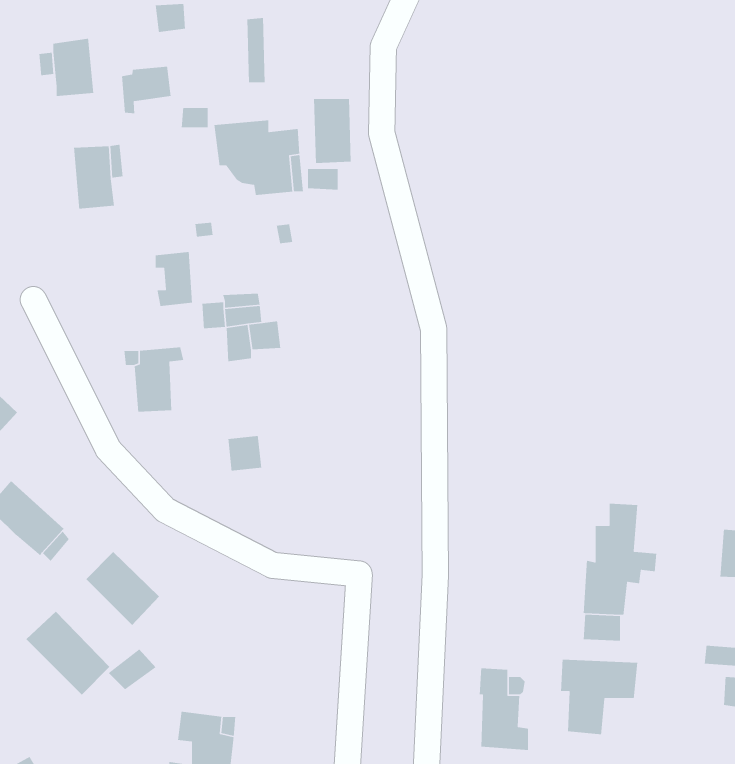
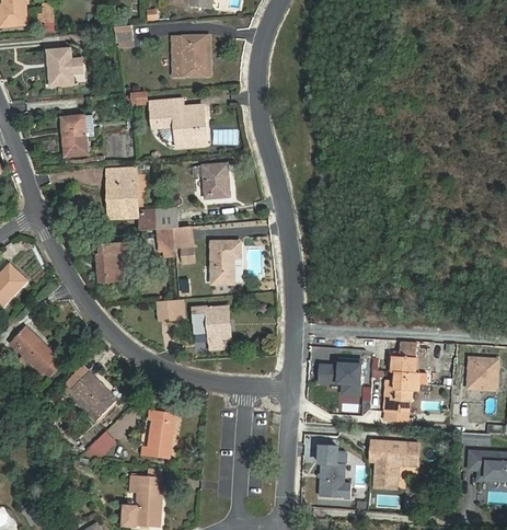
building: [121,66,171,114] -> none
building: [313,98,351,164] -> [182,34,206,76]
building: none -> [203,163,230,198]
building: none -> [105,173,135,217]
building: none -> [211,240,242,283]
building: none -> [194,304,232,348]
building: none -> [318,358,361,394]
building: [25,611,110,696] -> none
building: none -> [147,411,175,458]

